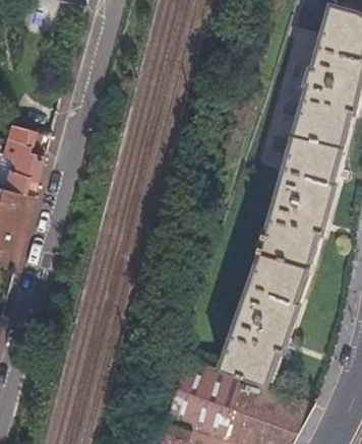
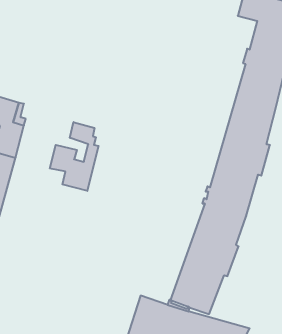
building: none -> [50,122,99,191]

